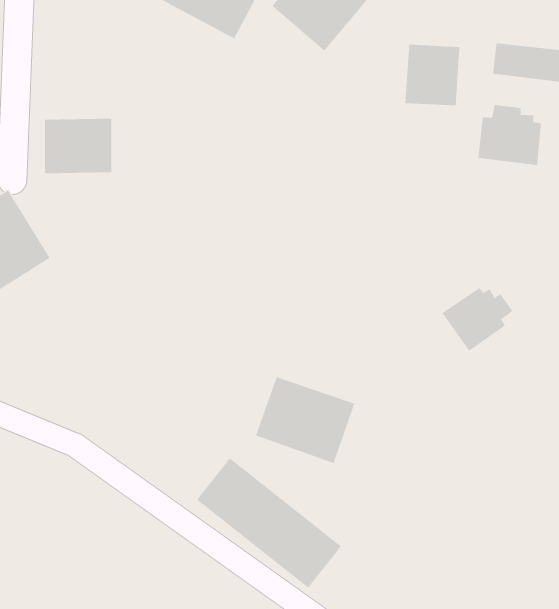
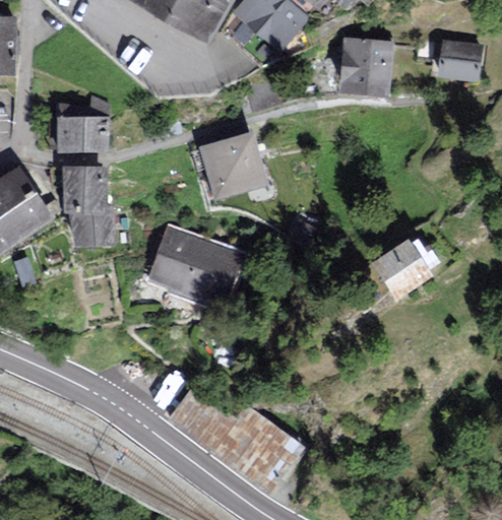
building: [478,104,542,166] -> none
building: none -> [204,135,261,194]
building: none -> [63,158,122,248]
building: [255,376,355,464] -> [153,234,236,306]

